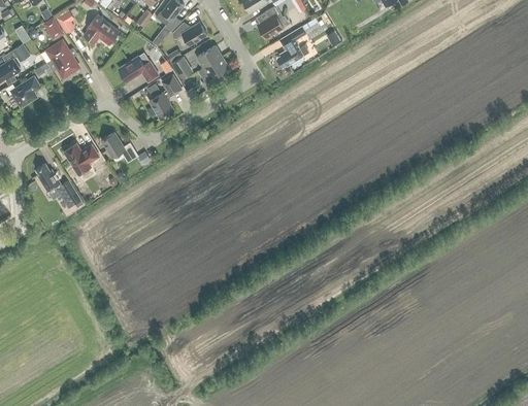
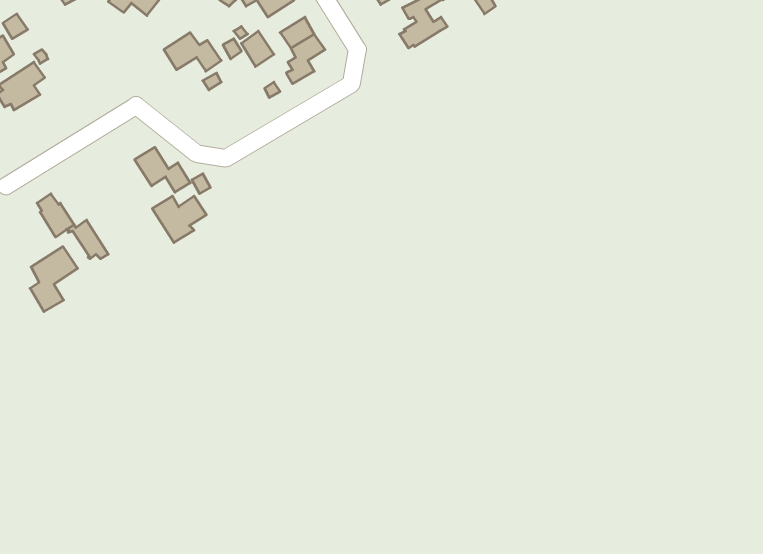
building: [46,43,77,75] -> none
building: [150,76,182,120] -> none
building: [64,144,100,175] -> [152,196,206,243]
building: none -> [30,247,78,312]

